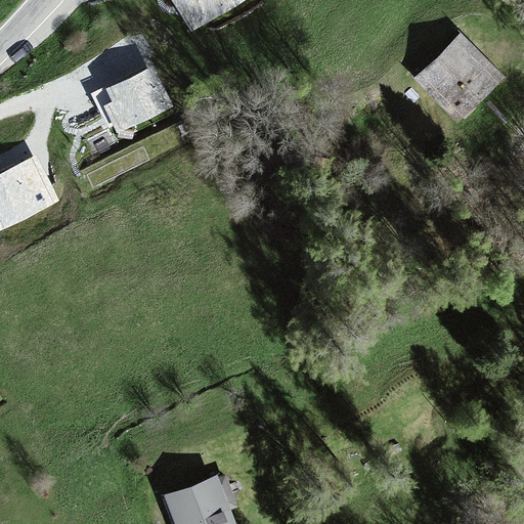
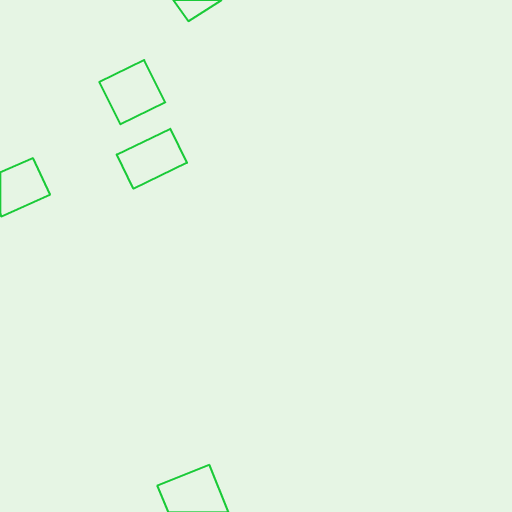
building: [417,34,508,125] -> none
building: none -> [117,129,187,189]

